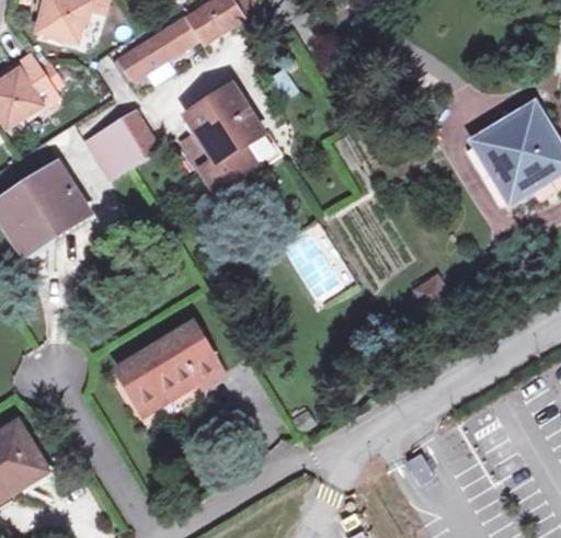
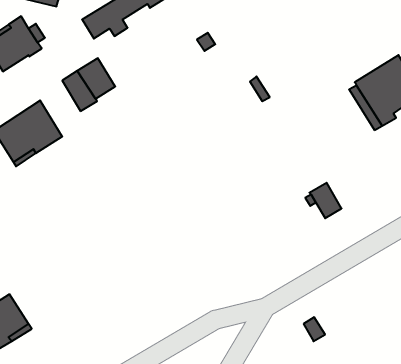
building: [190,88,275,190] -> none
building: [119,323,222,411] -> none

